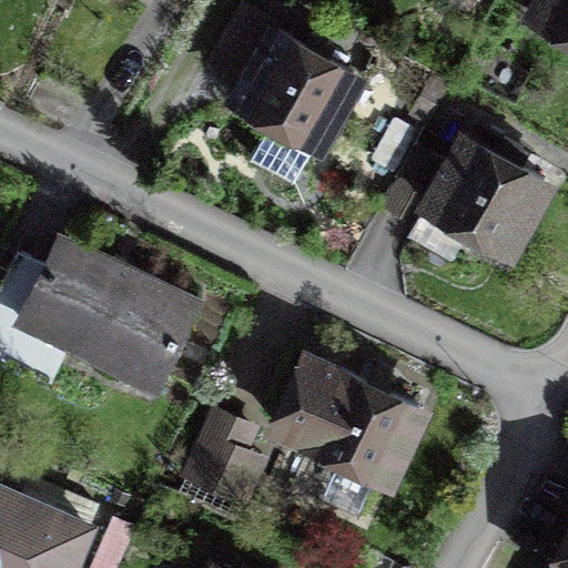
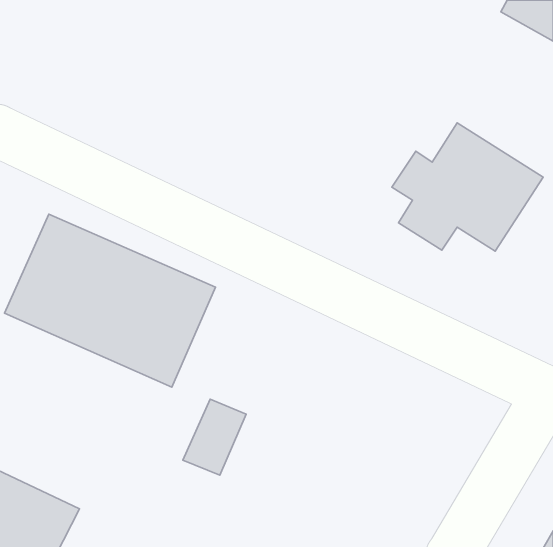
building: [221,23,369,195] -> none
building: [276,354,423,480] -> none

